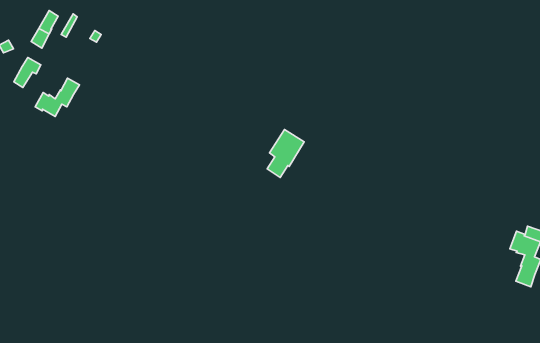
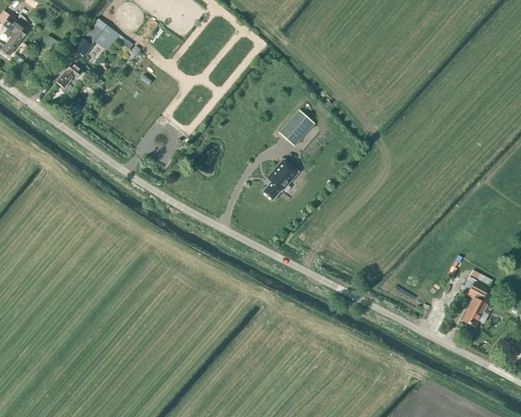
building: none -> [279,110,313,146]
building: [35,78,80,117] -> none

